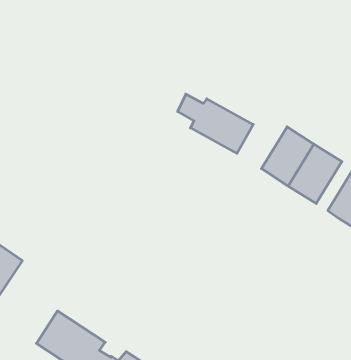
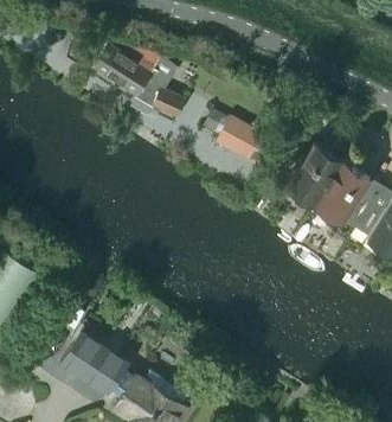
building: none -> [92,43,188,121]

